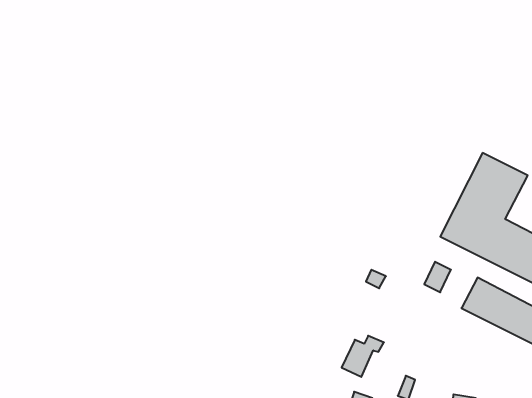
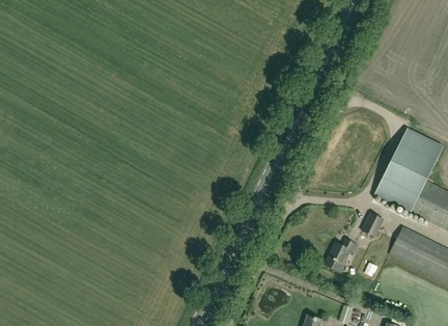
building: [342,336,384,377] -> [325,239,358,271]

